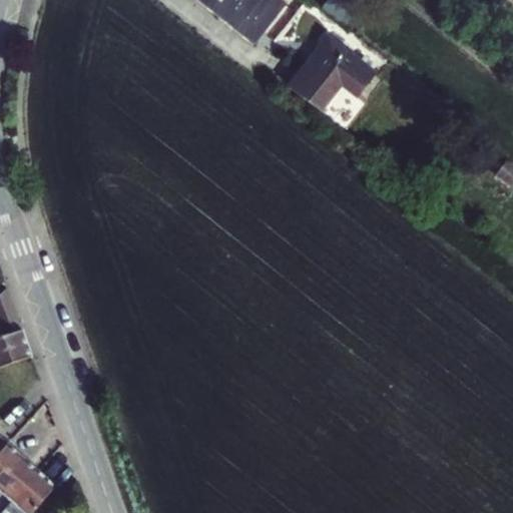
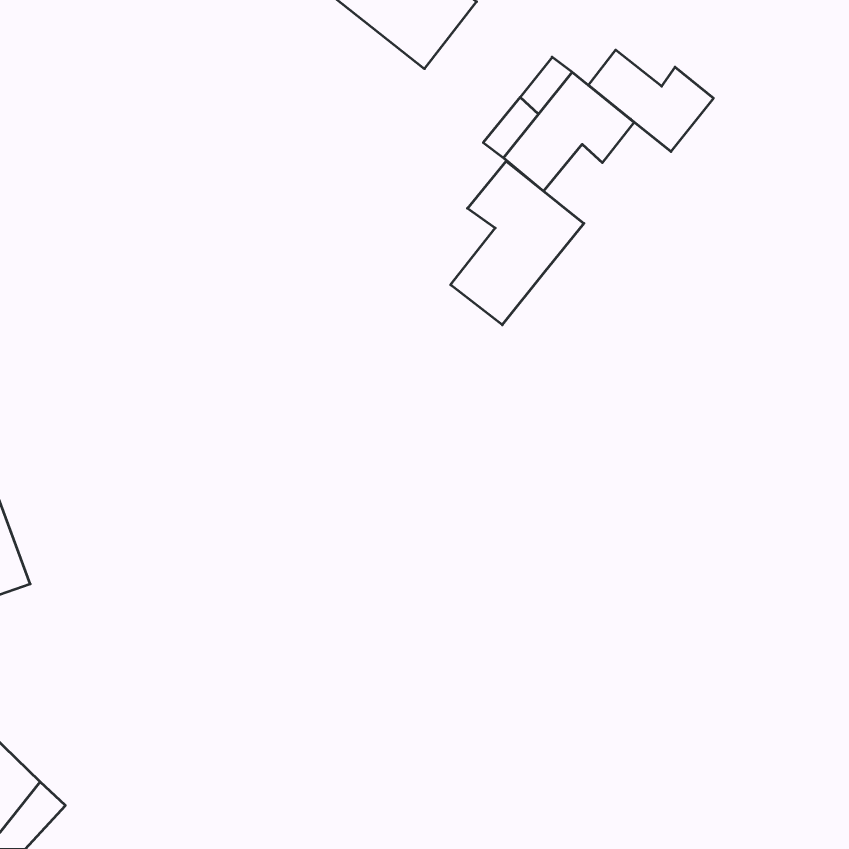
building: none -> [588,50,713,152]
building: none -> [451,161,584,325]

